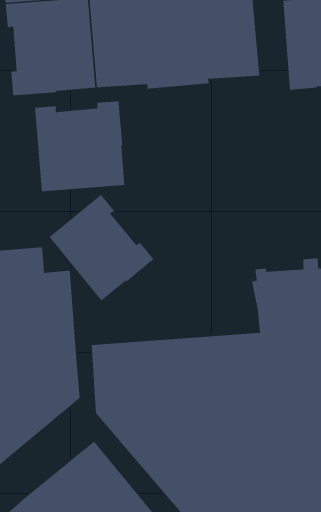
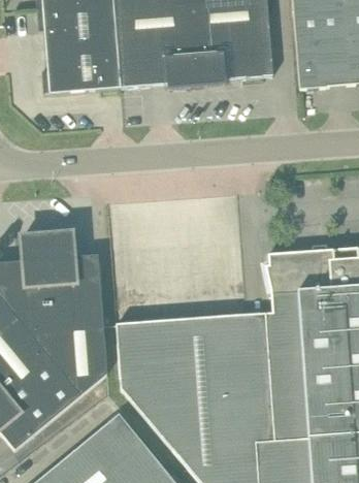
building: [34,100,125,192] -> none
building: [49,194,154,302] -> none

